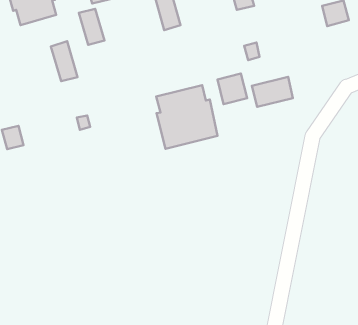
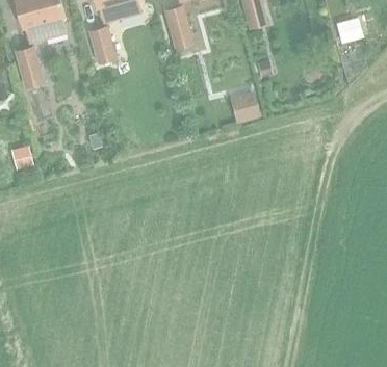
building: [51,41,77,81] -> [16,47,43,87]
building: [252,77,293,107] -> none
building: [156,85,218,149] -> none

